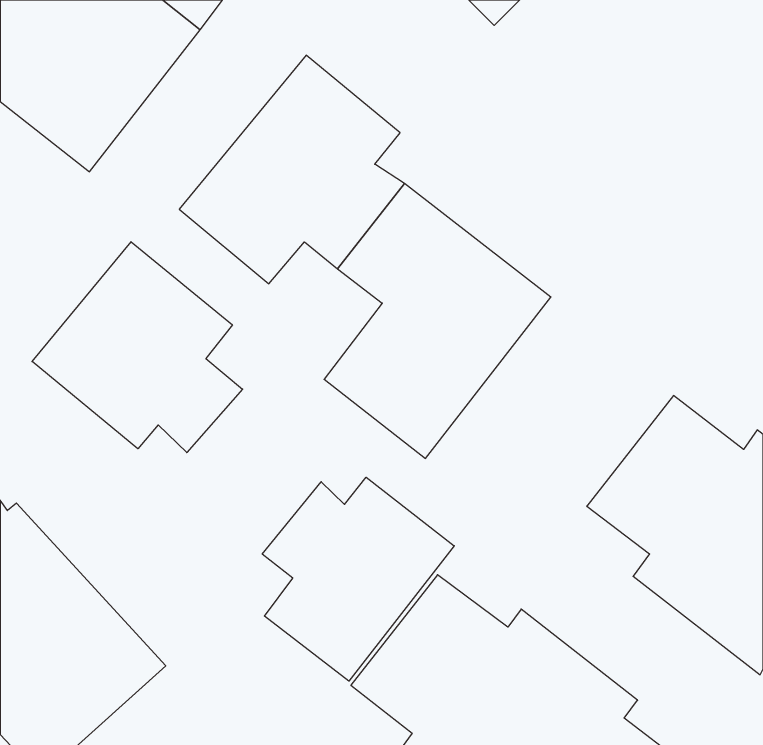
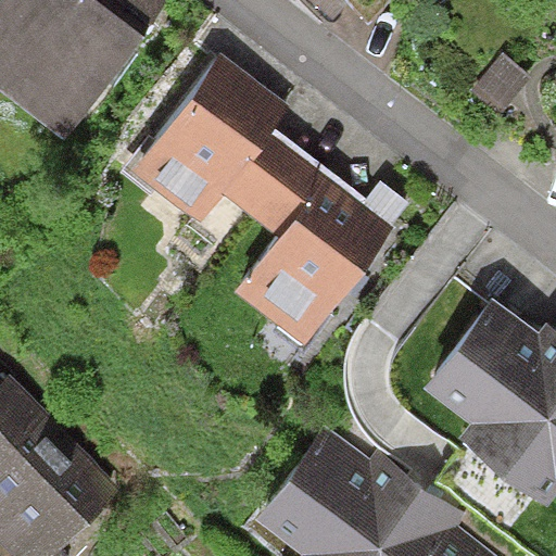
building: [32,242,243,453] -> none
building: [262,477,454,681] -> none

